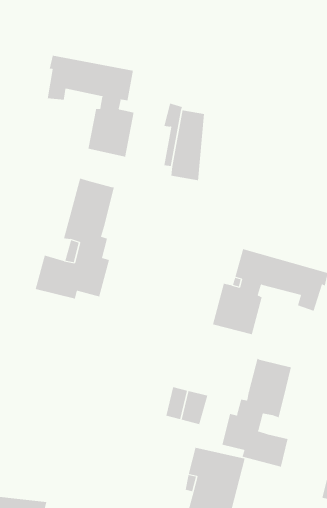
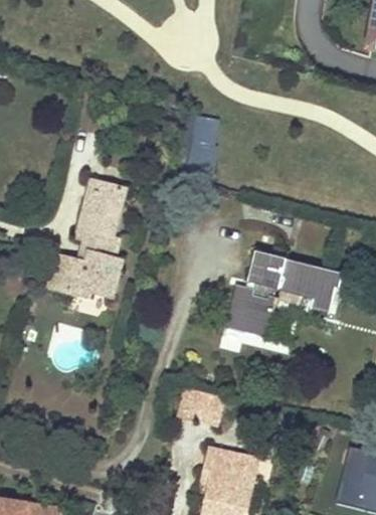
building: [47,55,134,158] -> none
building: [222,358,292,467] -> none

